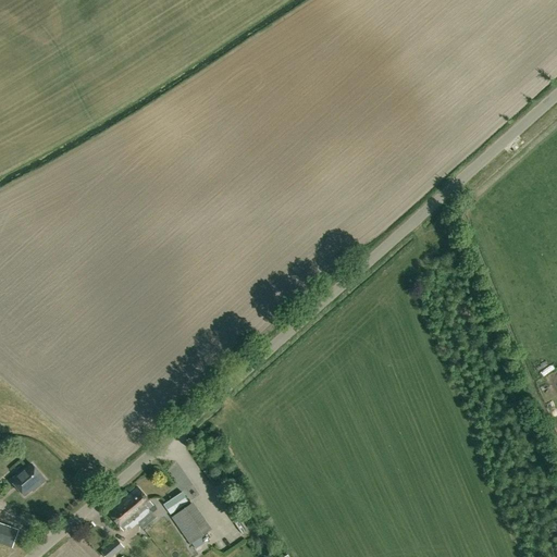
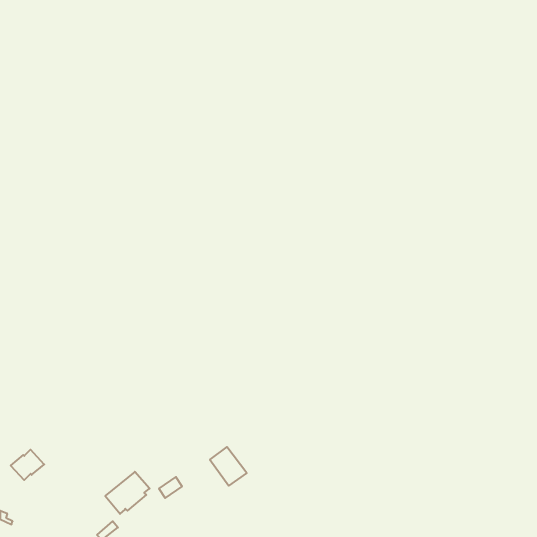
building: [173,506,211,546] -> [210,447,247,486]

